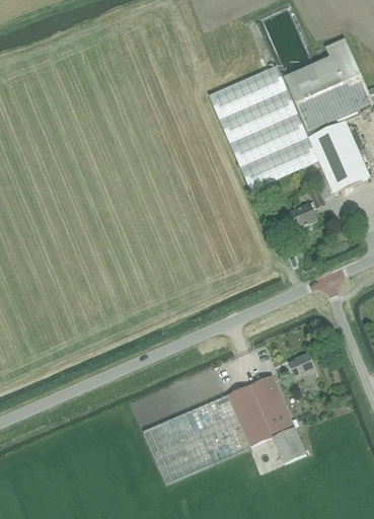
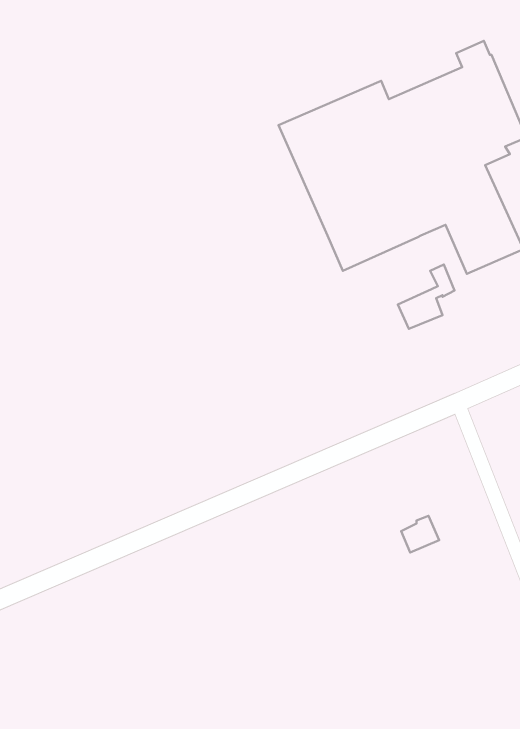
building: [143,374,306,485] -> none

